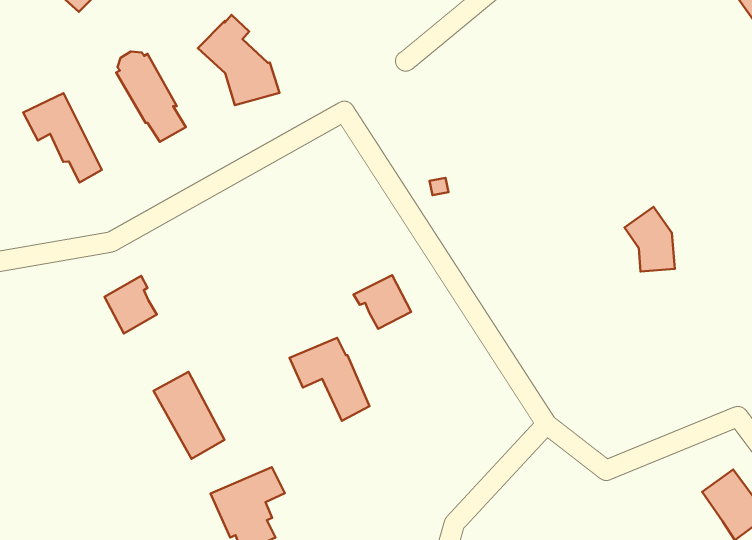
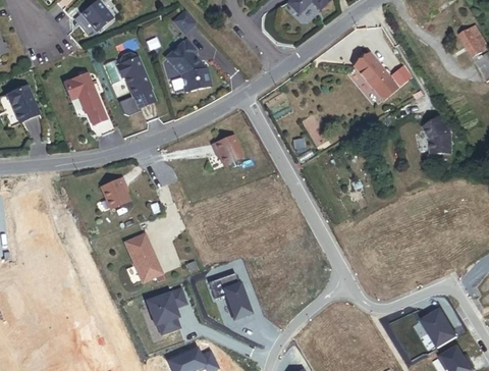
building: none -> [354,52,396,99]
building: [624,207,675,271] -> [423,115,449,151]
building: [354,275,411,329] -> [210,136,241,165]
building: [290,338,370,421] -> [212,275,255,322]

